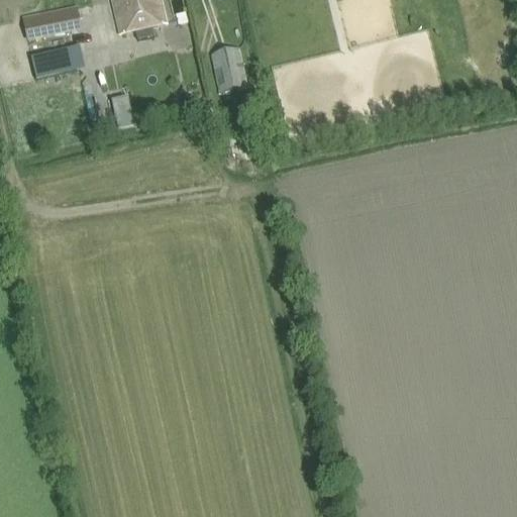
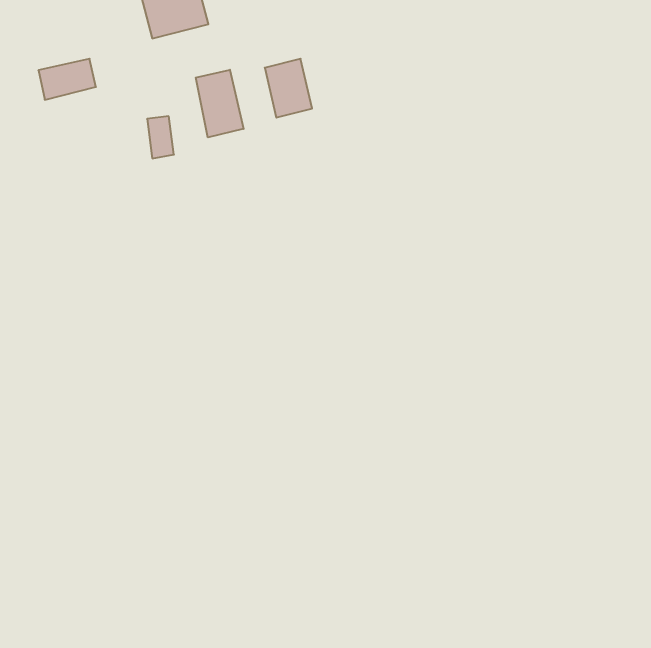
building: [20,5,79,39] -> none
building: none -> [196,70,244,137]

